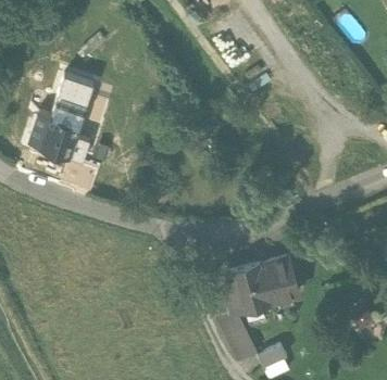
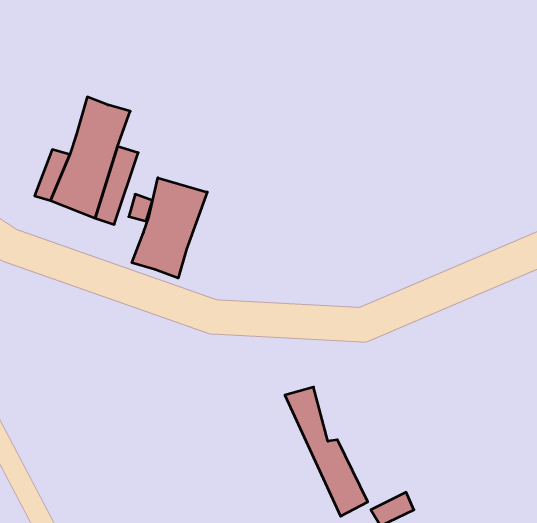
building: none -> [132,178,207,278]
building: [219,257,298,313] -> none

